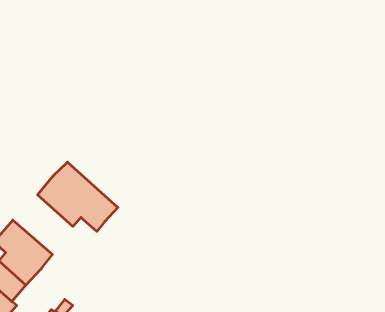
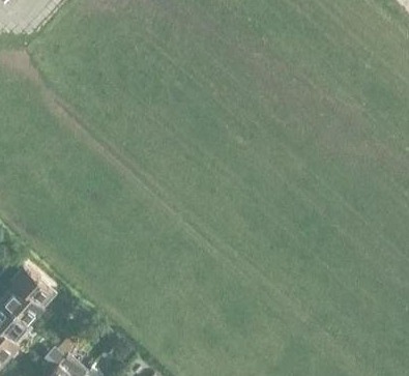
building: [38,162,118,231] -> none

